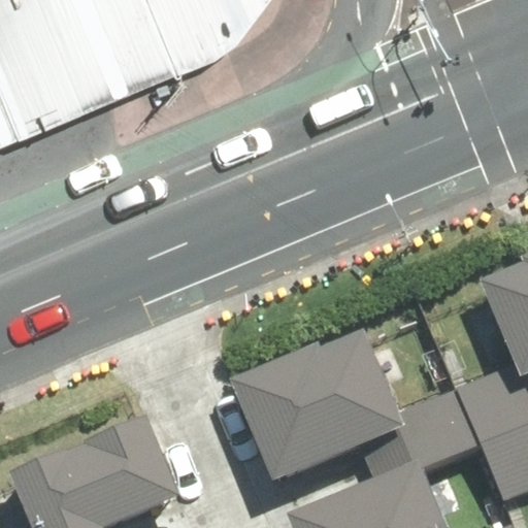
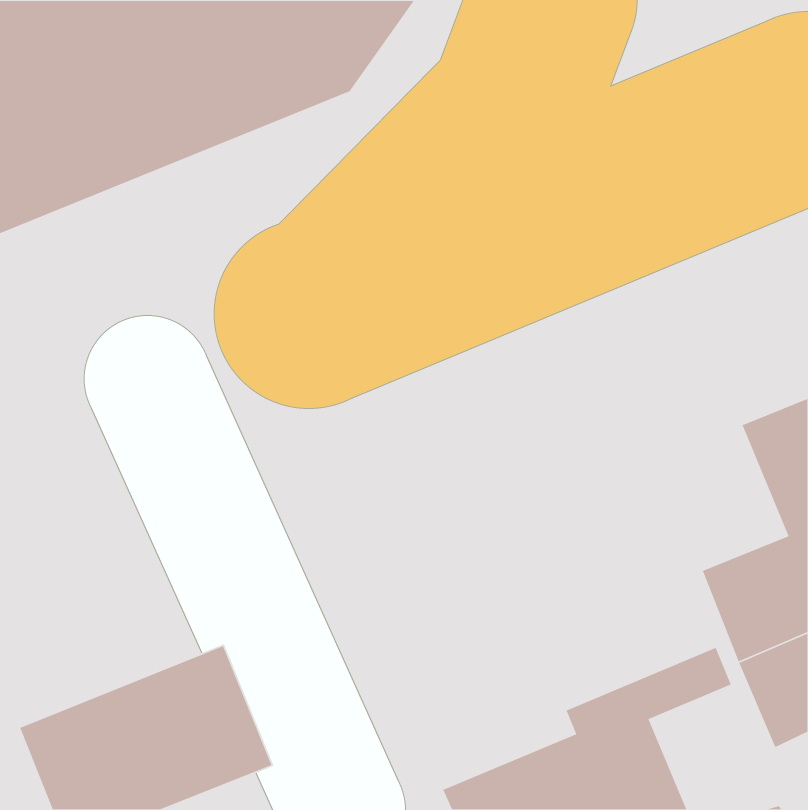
building: [229,324,466,486] -> none

